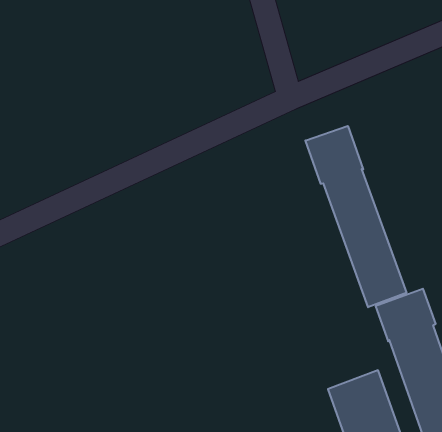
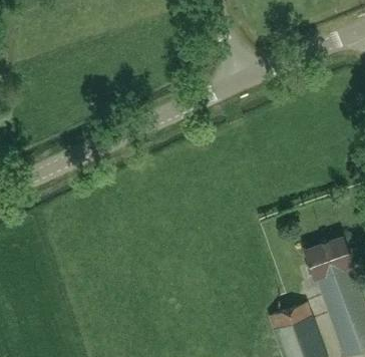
building: [305,126,406,307] -> none

